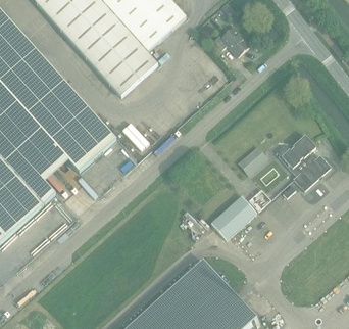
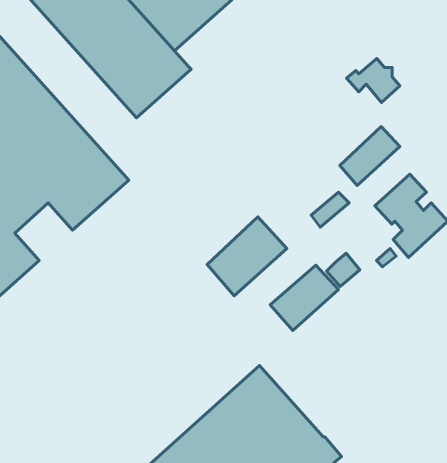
building: [212,27,248,56] -> [347,58,400,103]
building: none -> [340,127,400,186]
building: none -> [207,217,287,296]

